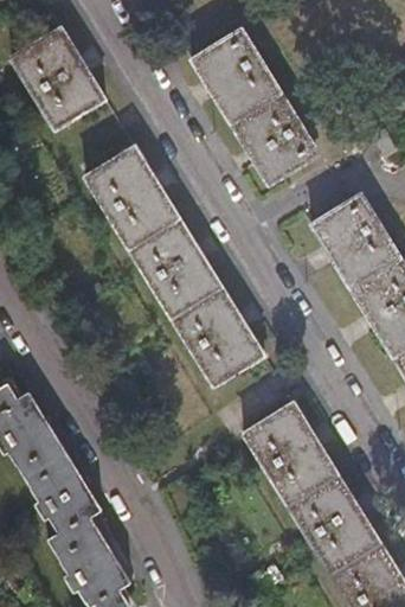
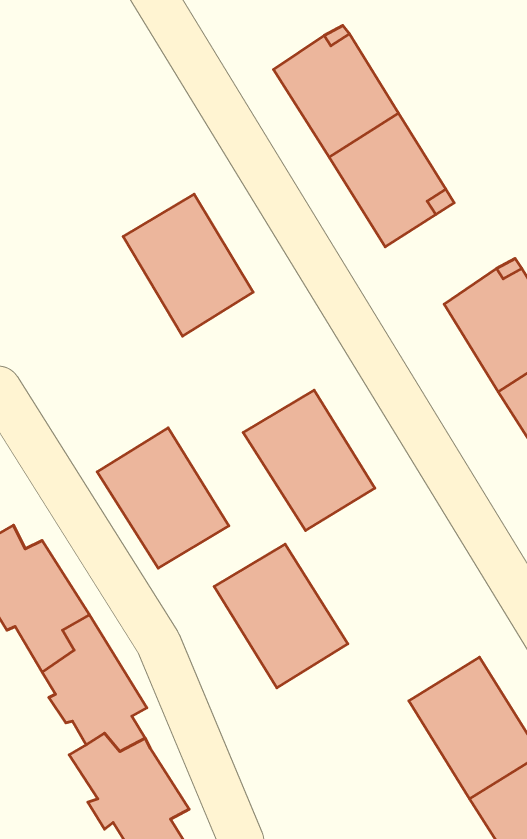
building: [12,30,105,128] -> none
building: [128,217,220,315] -> [97,428,229,568]
building: [243,403,336,504] -> [214,544,348,688]

